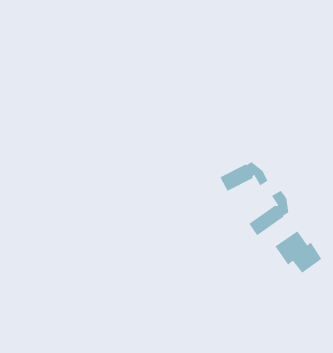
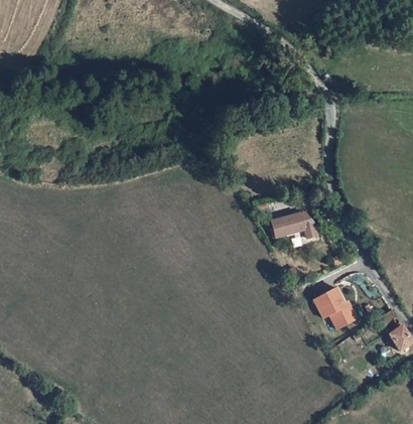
building: [248,190,289,236] -> none

